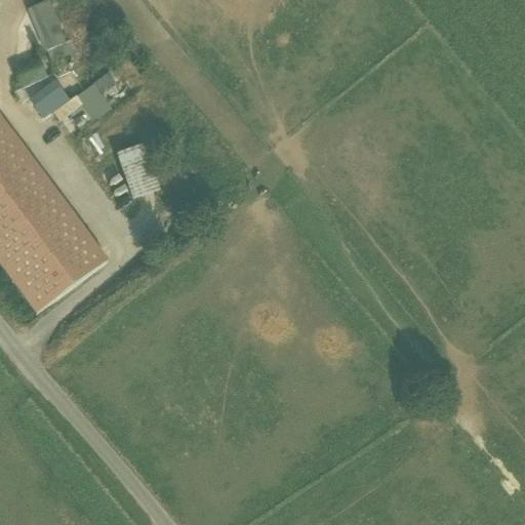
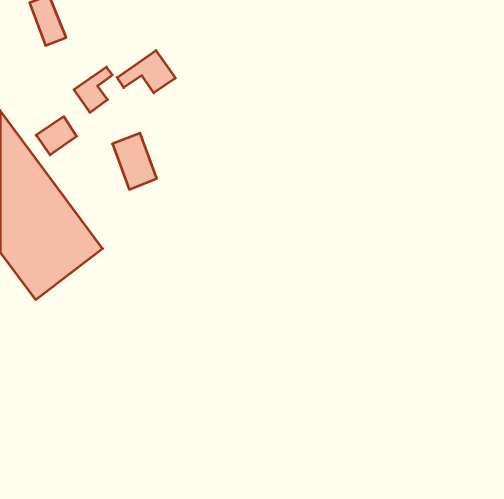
building: none -> [117,50,175,93]
building: [30,75,72,115] -> [36,117,77,155]

